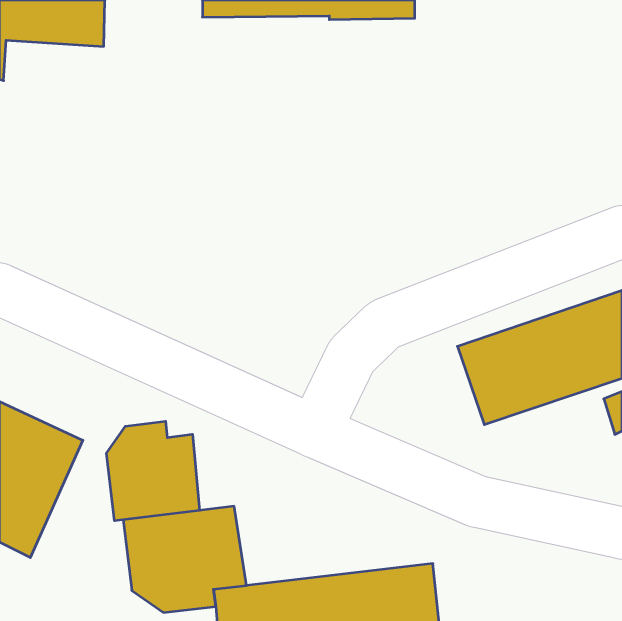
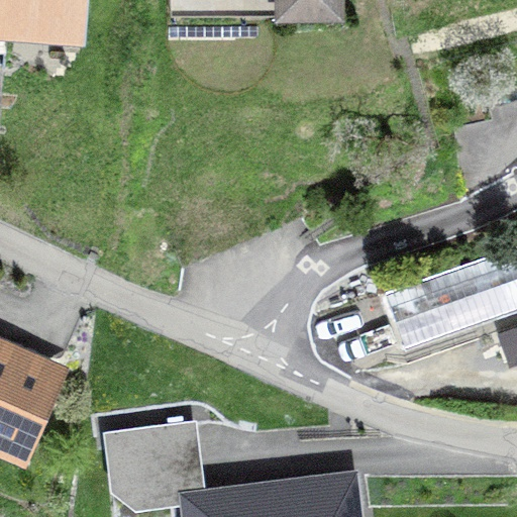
building: [106,421,200,521] -> none

